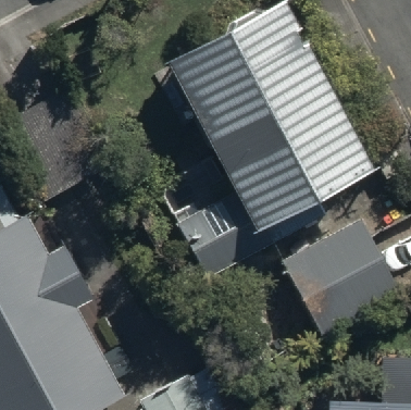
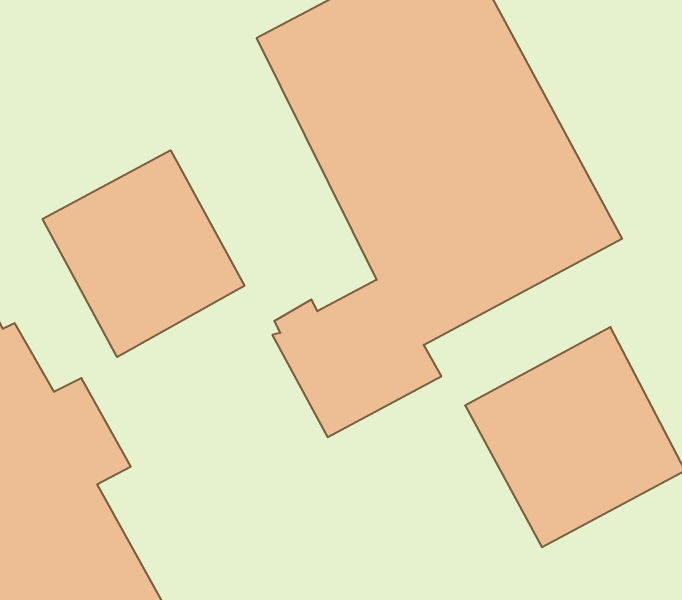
building: none -> [43,150,244,357]

